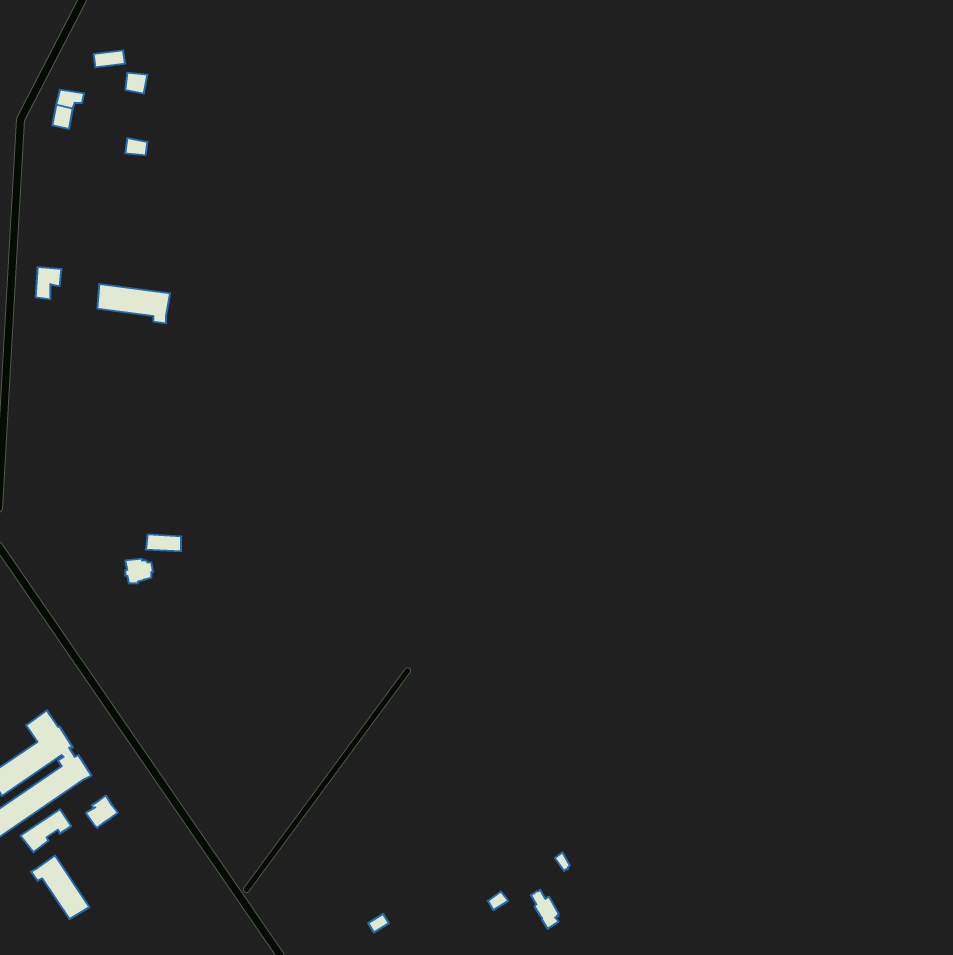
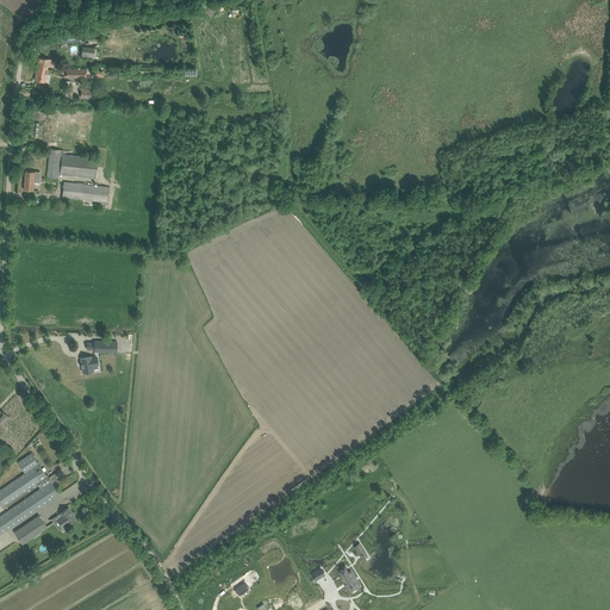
building: none -> [45,149,97,178]
building: [31,856,90,919] -> none

